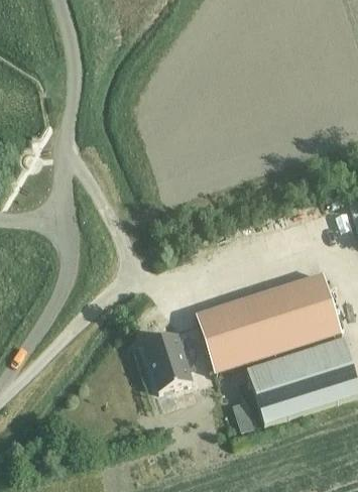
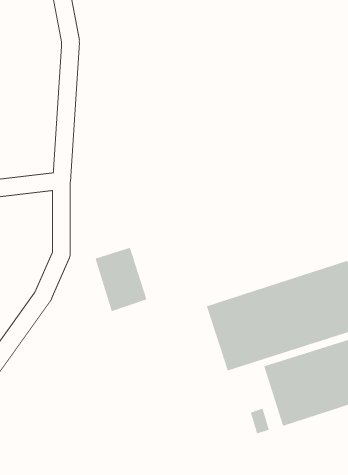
building: [143,332,191,390] -> [94,247,147,312]

